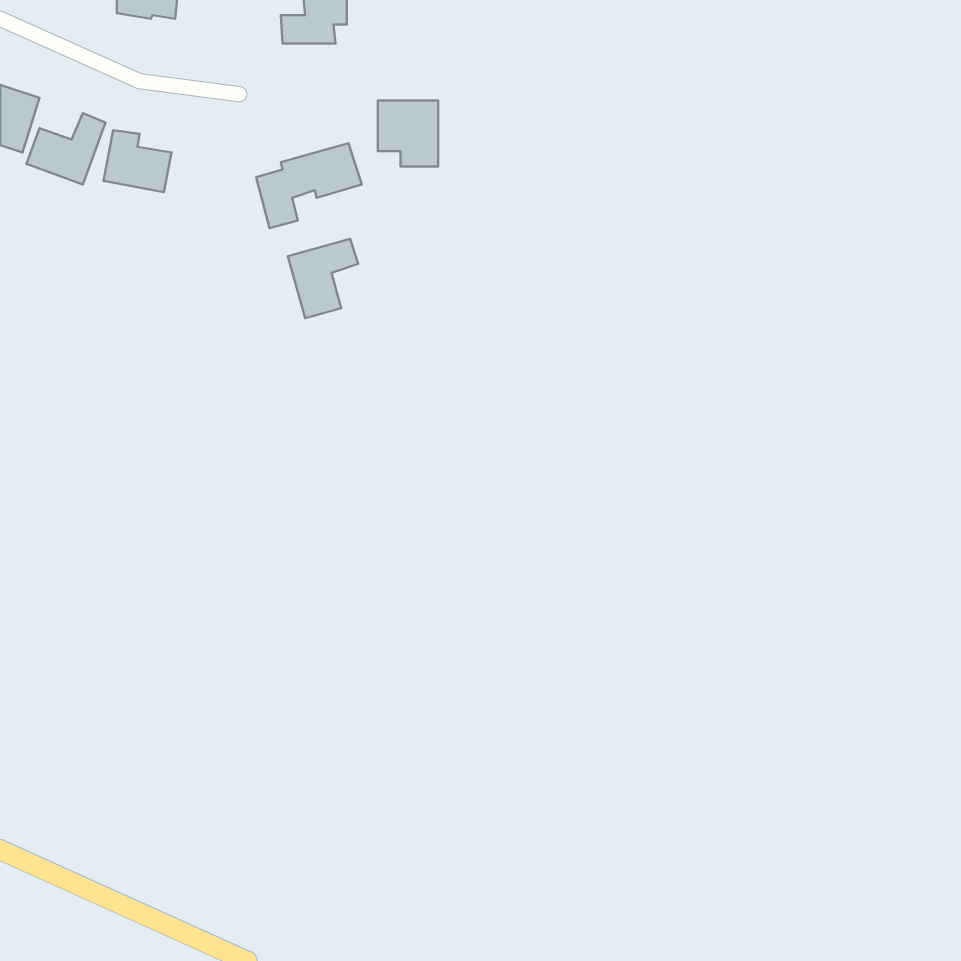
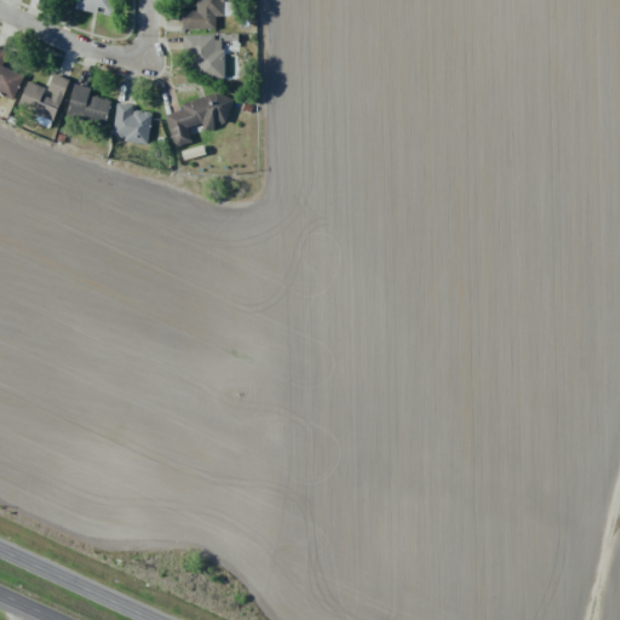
building: [378,100,438,166] -> [185,35,224,78]
building: none -> [114,102,153,142]
building: [288,239,358,318] -> none

